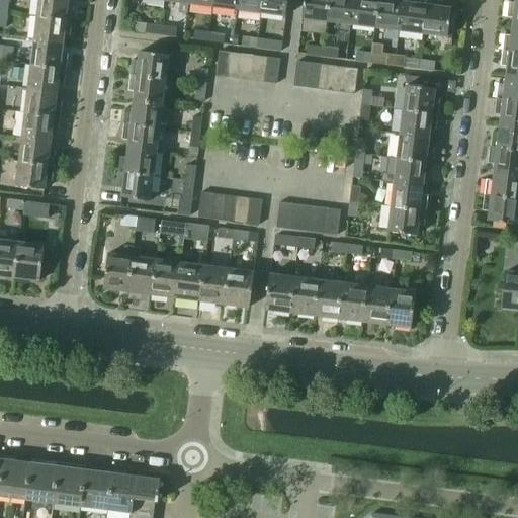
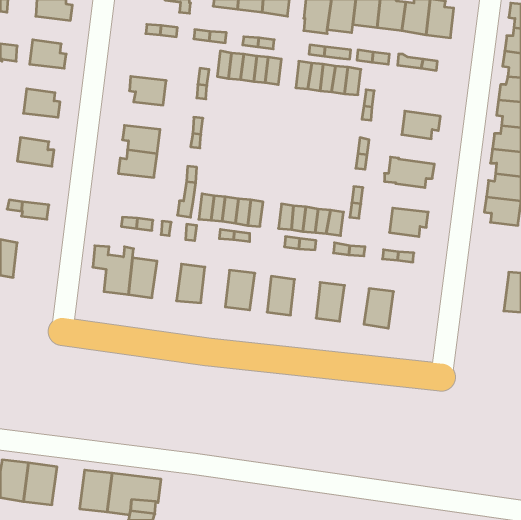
building: [32,16,70,44] -> none
building: [130,52,168,80] -> none
building: [26,64,64,92] -> none
building: [402,85,439,115] -> none
building: [123,101,162,128] -> none
building: [20,112,58,141] -> none
building: [396,134,433,163] -> none
building: [14,160,52,188] -> none
building: [115,172,153,200] -> none
building: [390,182,427,210] -> none
building: [13,241,42,278] -> none
building: [151,259,180,298] -> none
building: [199,265,228,305] -> none
building: [288,277,318,316] -> none
building: [337,283,366,322] -> none
building: [385,289,415,329] -> none
building: [52,463,84,505] -> none

